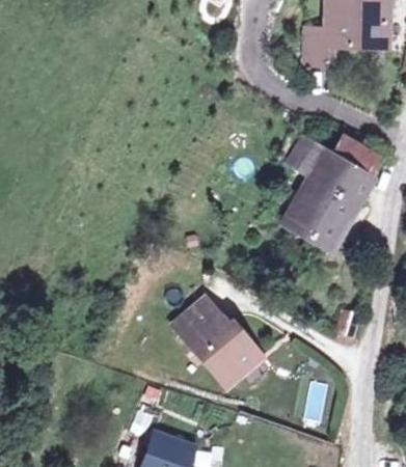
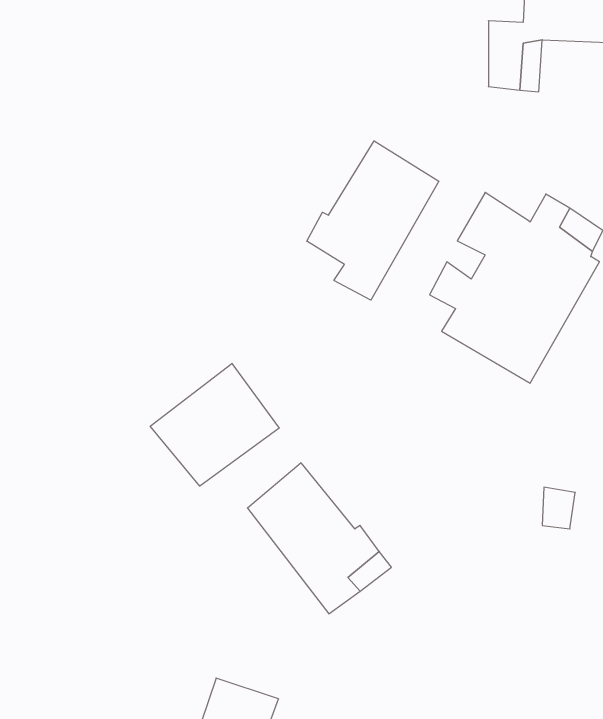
building: none -> [307,141,439,300]
building: none -> [150,363,279,486]

